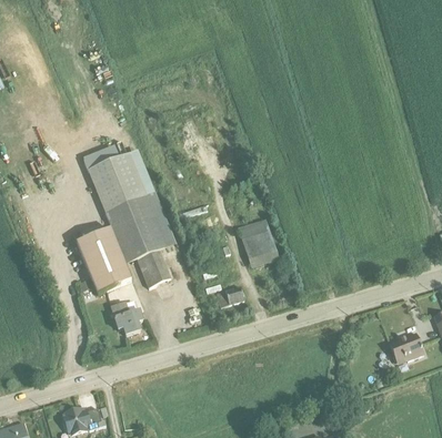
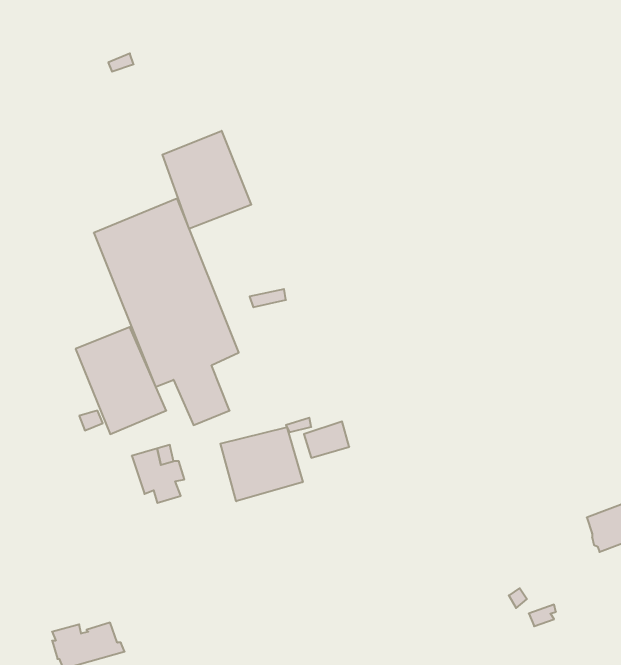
building: none -> [162,131,251,229]
building: [237,217,279,267] -> none
building: none -> [220,427,303,501]

